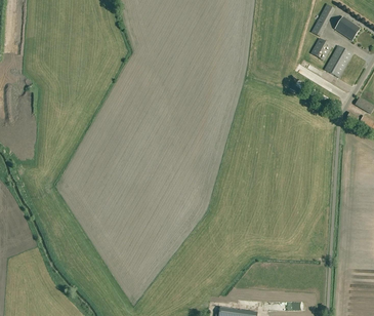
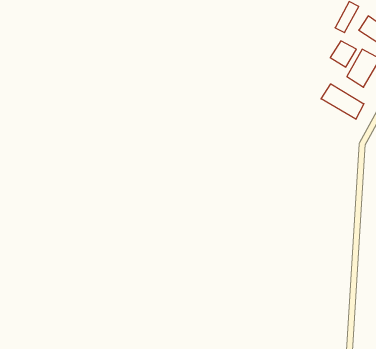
building: none -> [321,84,364,119]

